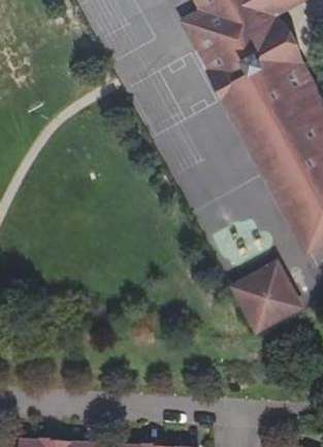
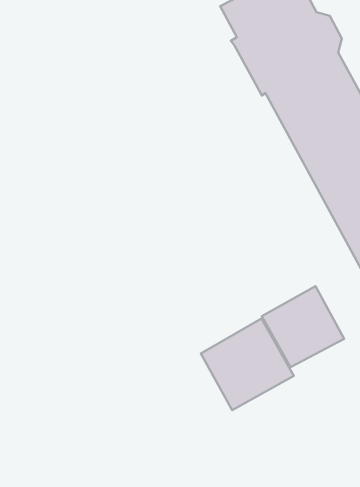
building: none -> [201,319,294,410]

